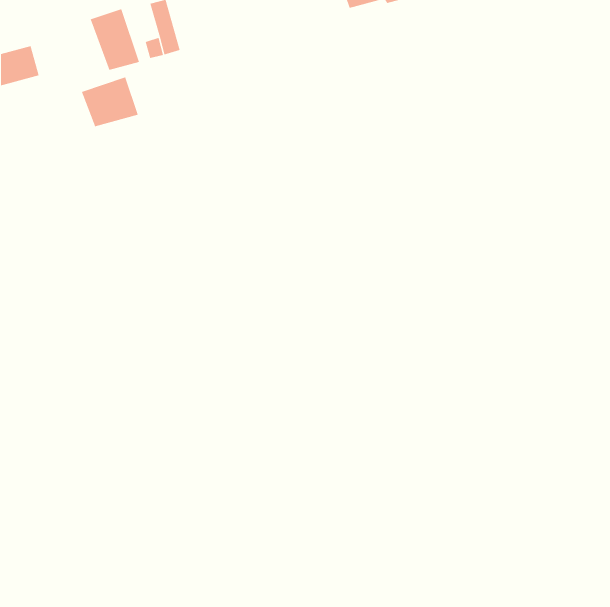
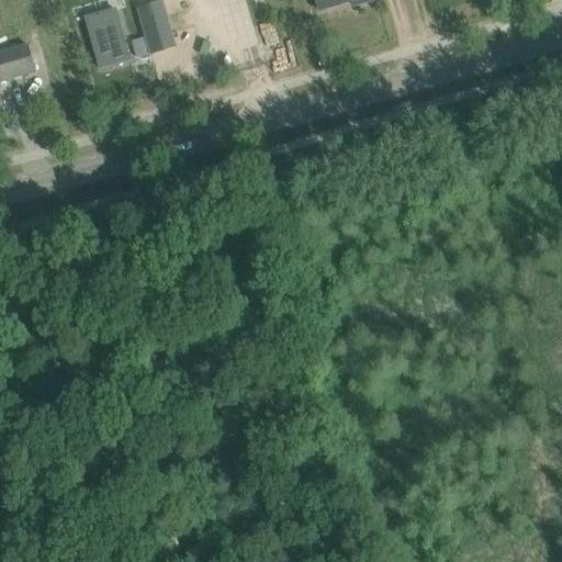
building: [81,77,138,127] -> none

